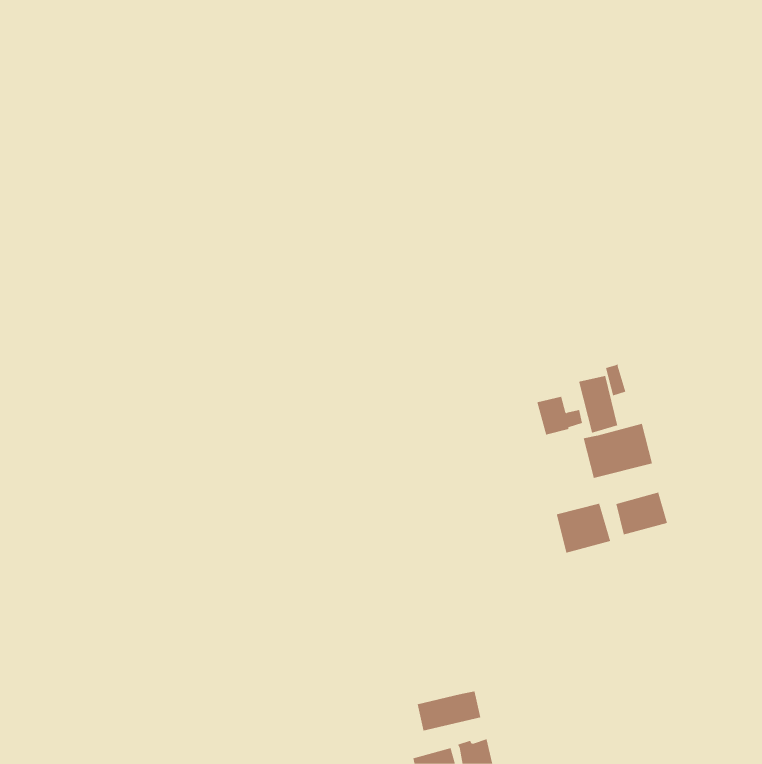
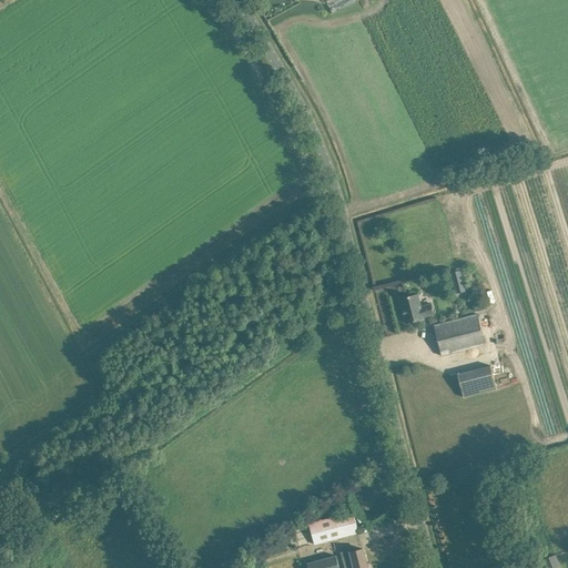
building: [579,375,618,433] -> none
building: [556,503,611,553] -> none

